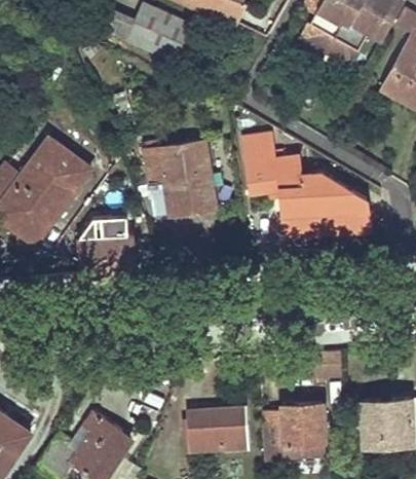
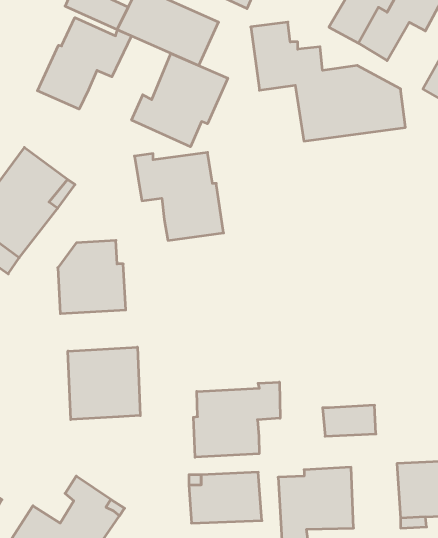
building: none -> [37,18,131,109]
building: none -> [132,53,228,147]
building: [242,136,371,234] -> [251,22,405,141]
building: none -> [68,347,140,420]
building: none -> [193,382,280,457]

